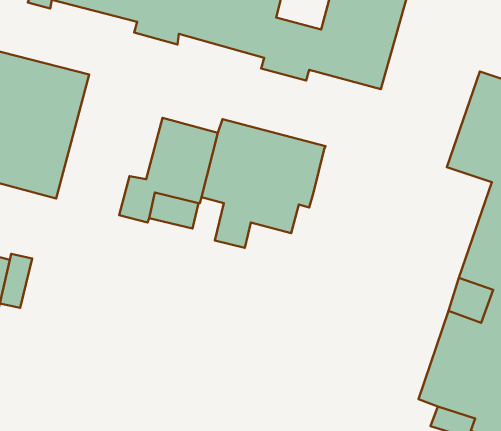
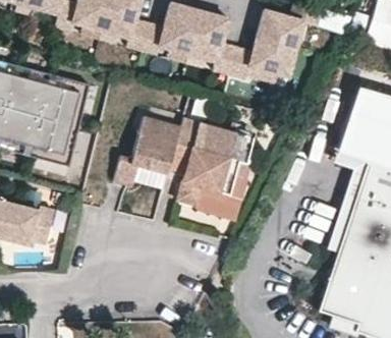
building: none -> [327,147,368,244]
building: none -> [199,164,250,217]

